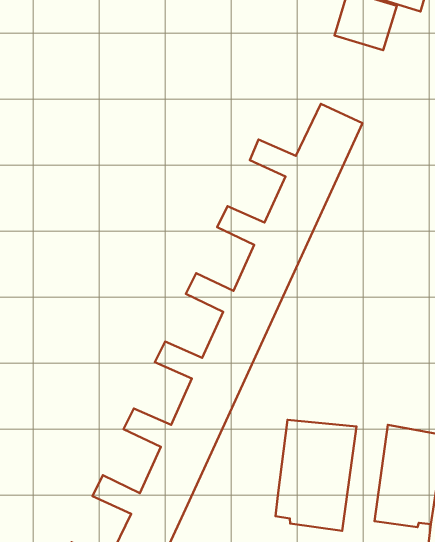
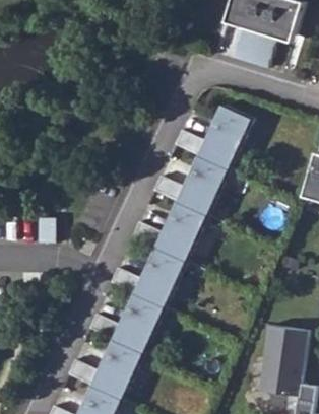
building: [275,420,356,531] -> none

